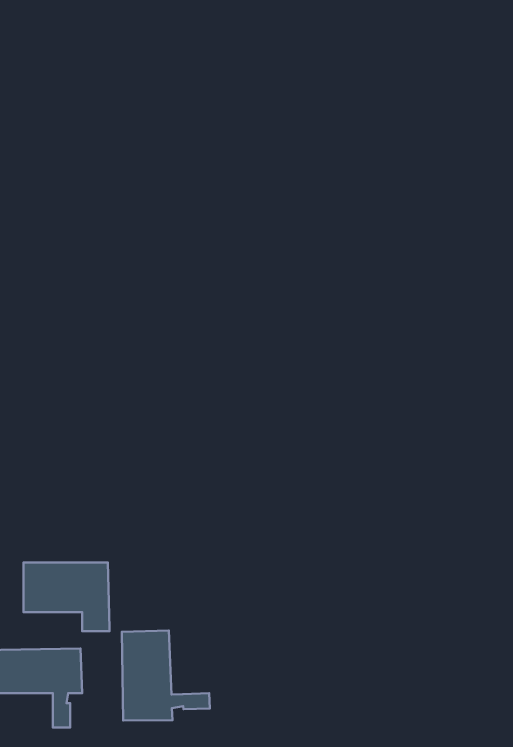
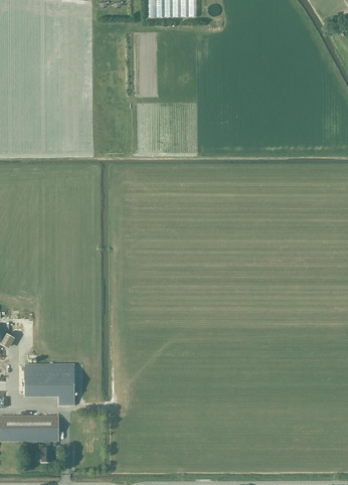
building: [122,630,210,720] -> none

